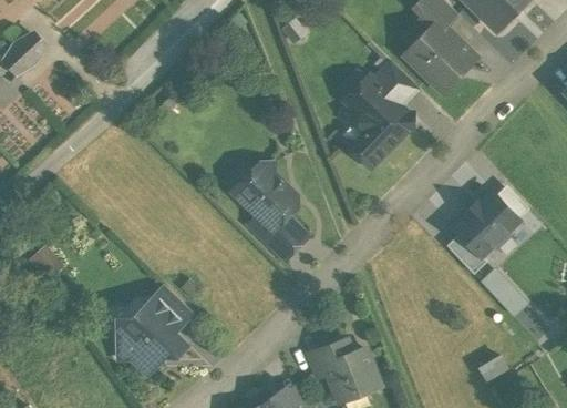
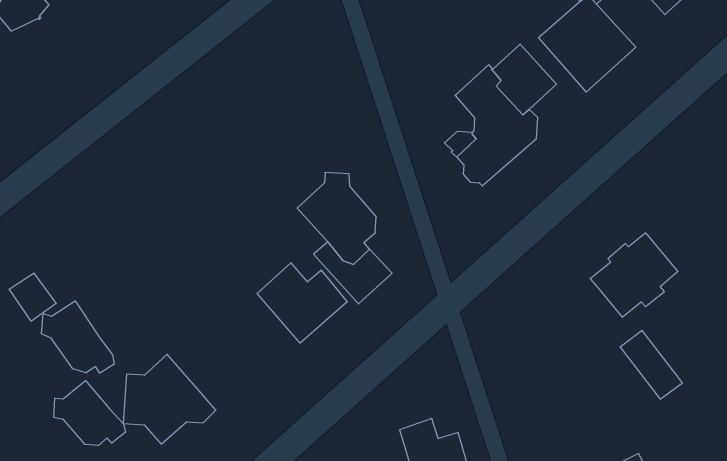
building: none -> [257,263,347,343]
building: [445,235,484,274] -> none
building: none -> [42,301,114,373]
building: [146,287,190,332] -> none
building: none -> [54,380,126,446]

